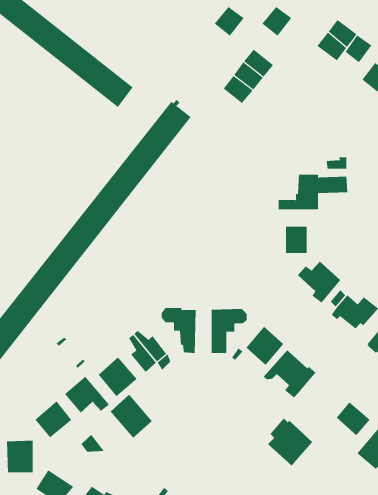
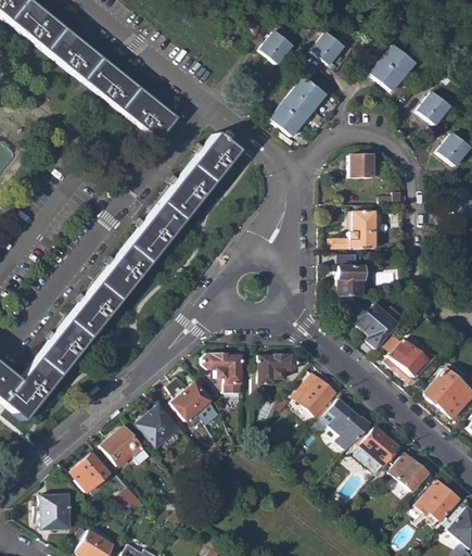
building: [345,35,372,63] -> none
building: none -> [350,154,373,177]
building: [110,394,152,439] -> none
building: [267,418,313,466] -> [353,424,401,476]

